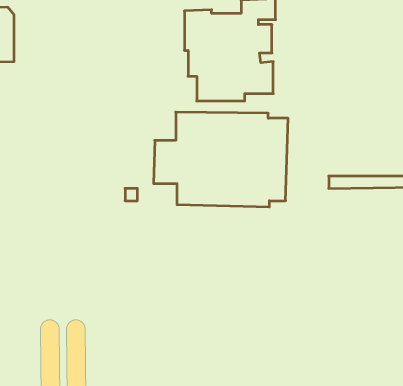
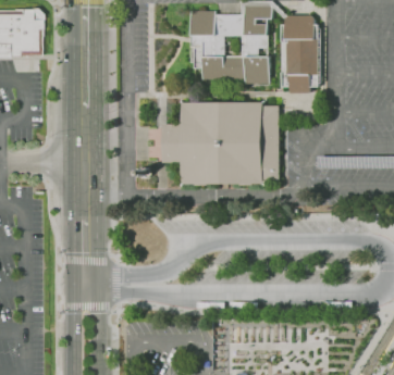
building: none -> [281,16,319,93]

